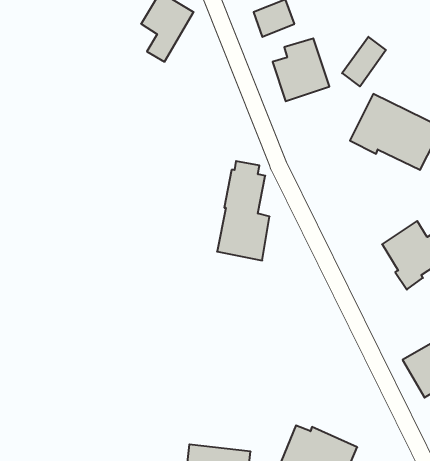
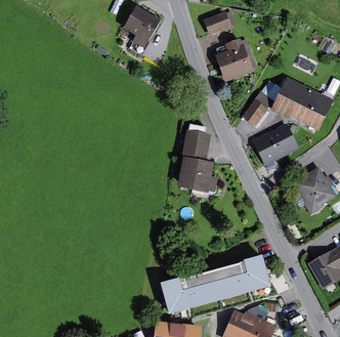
building: [342,37,386,86] -> [242,92,272,127]
building: none -> [252,124,298,166]
building: none -> [162,258,273,317]

